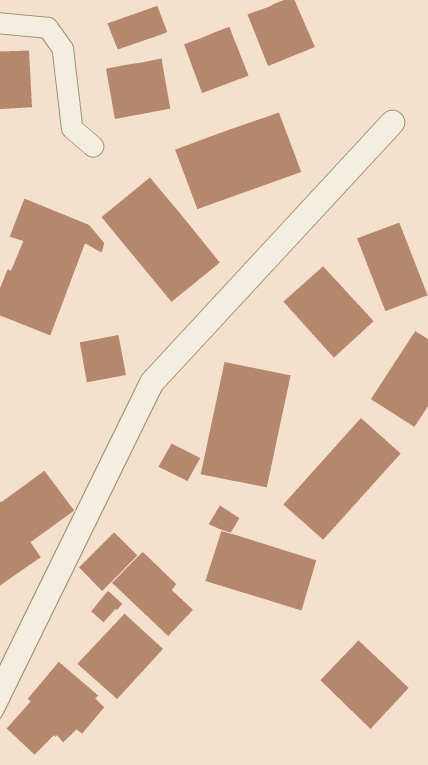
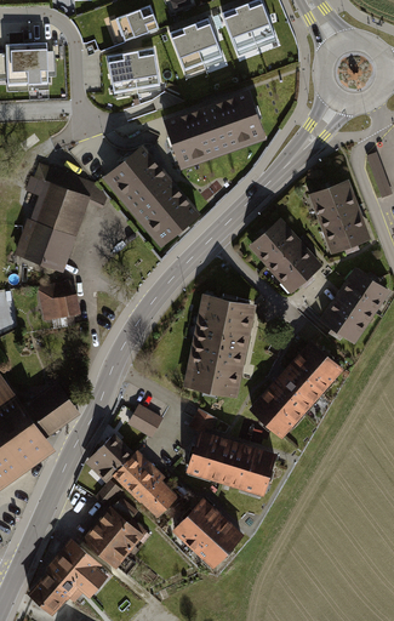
building: [79,335,127,383] -> [36,281,75,320]
building: [158,443,201,482] -> [126,405,161,437]
building: [319,640,410,730] -> [171,496,244,569]

